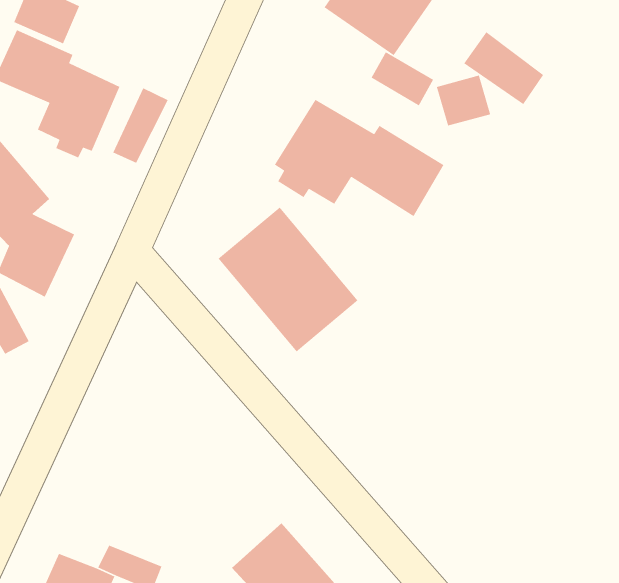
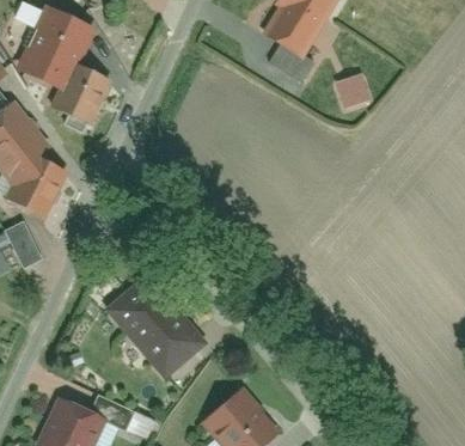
building: [463,31,544,105] -> none
building: [112,87,169,164] -> none
building: [274,99,444,217] -> none
building: [218,206,358,352] -> [104,270,204,374]

